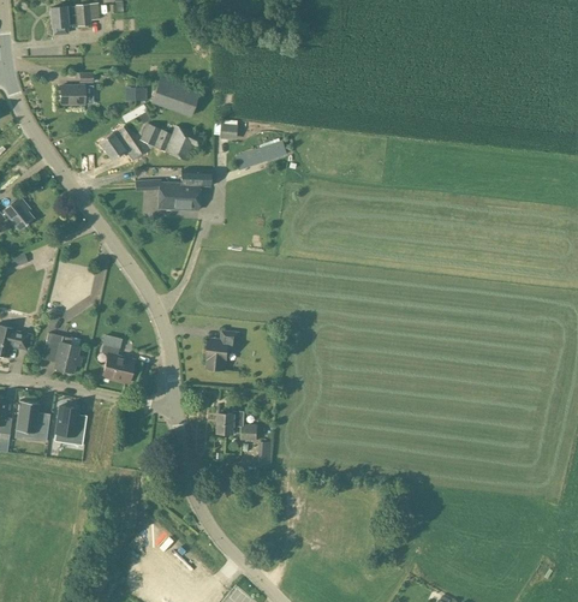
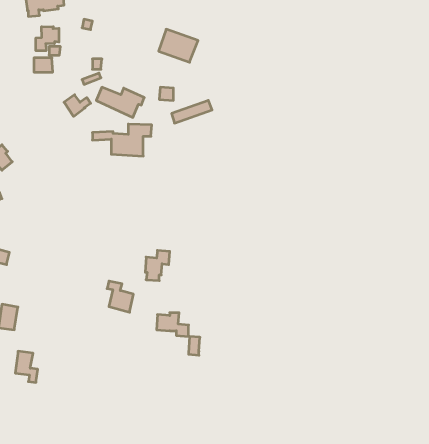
building: none -> [36,27,59,51]
building: [151,74,202,117] -> [159,29,198,62]
building: [42,333,79,372] -> none
building: [101,344,135,383] -> [107,281,133,312]
building: [56,406,85,446] -> [15,351,38,382]

